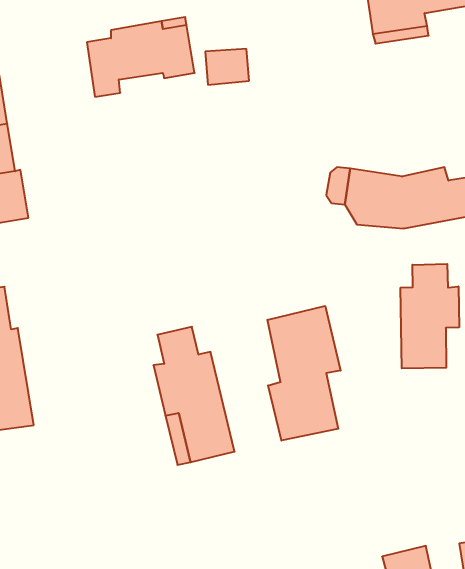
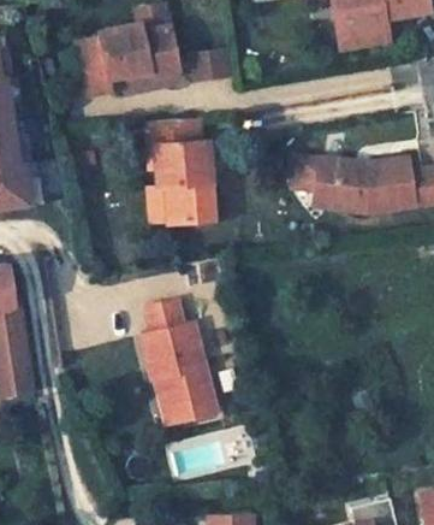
building: none -> [149,119,216,223]
building: [401,264,459,368] -> none
building: [267,306,341,441] -> none

